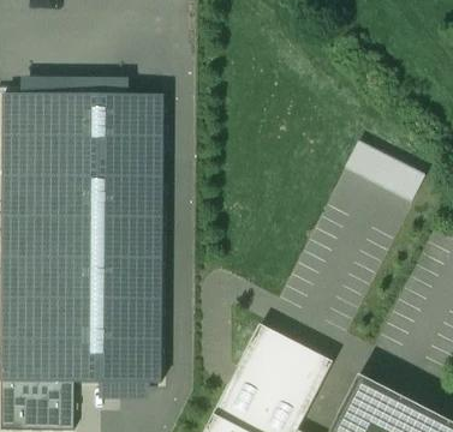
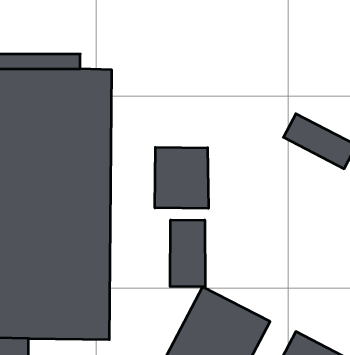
building: none -> [155,147,208,208]
building: none -> [170,220,205,287]

